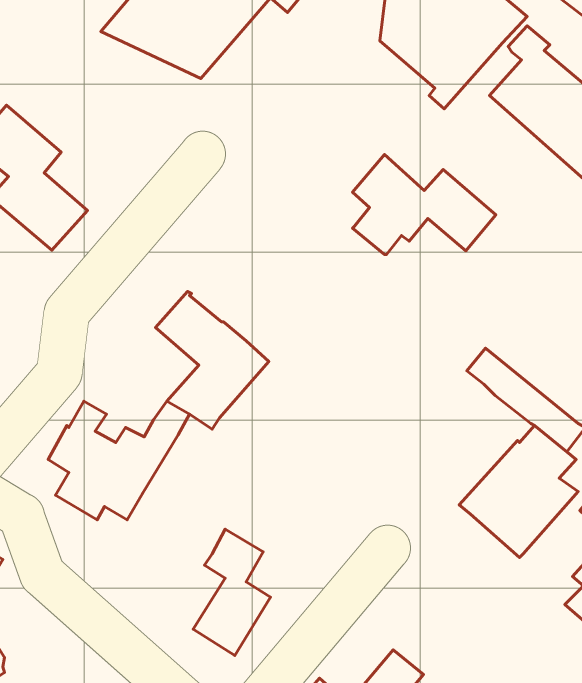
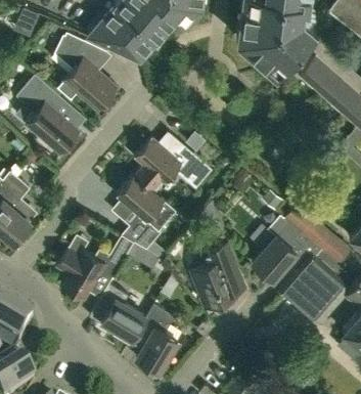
building: none -> [54,32,117,110]
building: [353,155,496,254] -> [134,137,212,191]
building: none -> [252,215,319,280]
building: none -> [194,231,238,308]
building: none -> [95,284,146,346]

